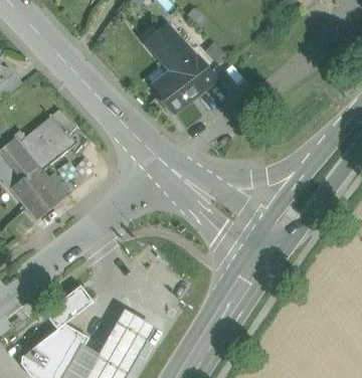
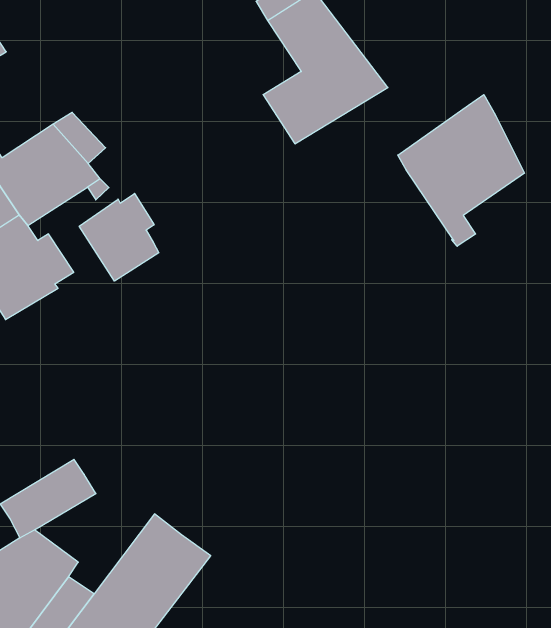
building: none -> [398,95,524,246]
building: none -> [79,193,159,281]

